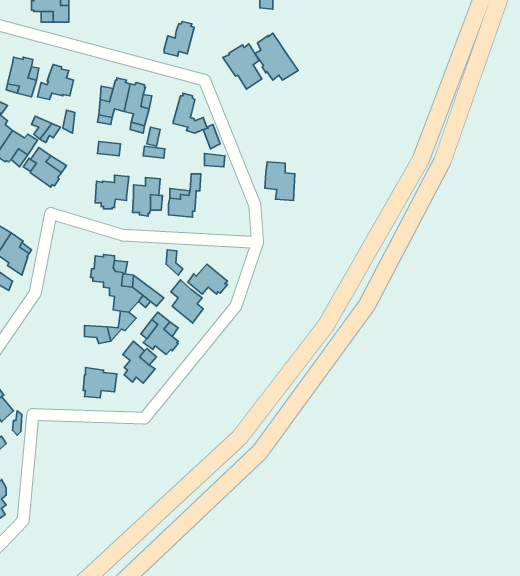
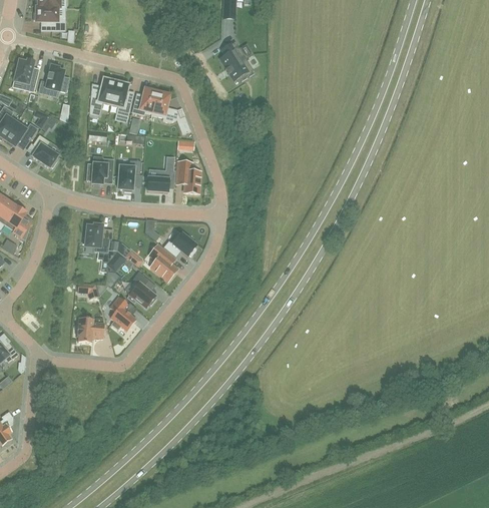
building: [164,21,194,56] -> [131,86,156,115]
building: [223,44,262,89] -> none
building: [265,162,295,200] -> [173,161,198,193]

